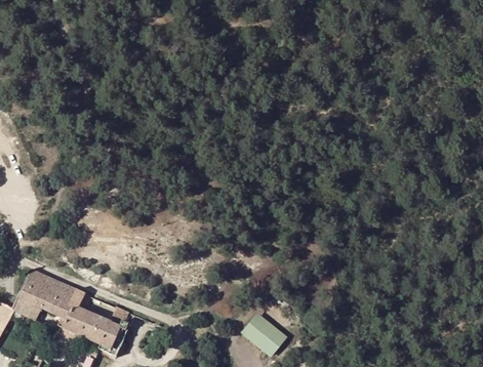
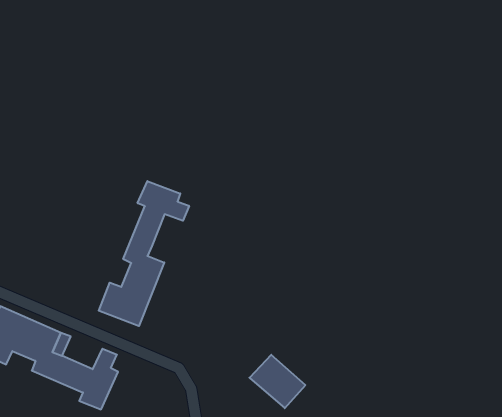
building: none -> [99,181,189,326]

